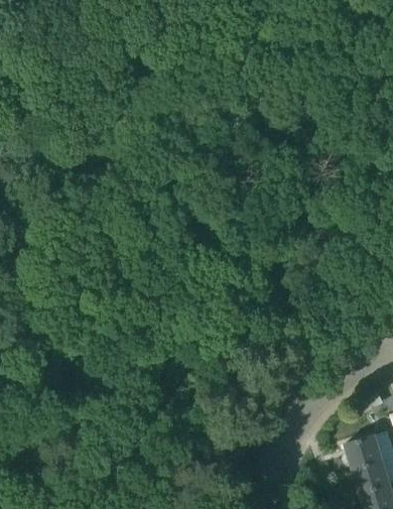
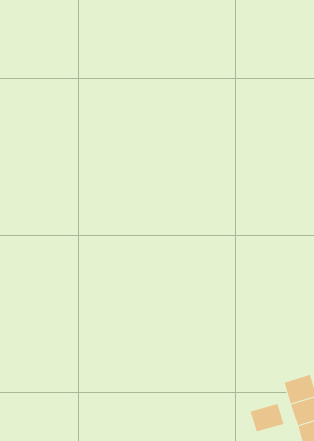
building: none -> [250,403,284,432]

